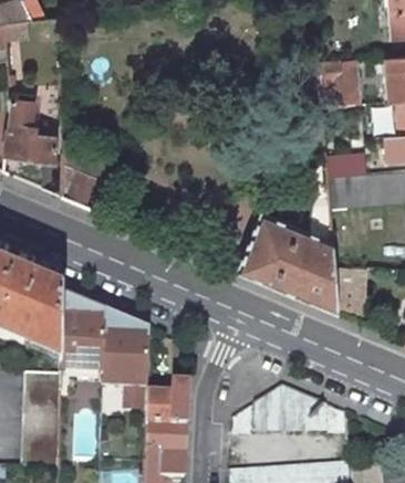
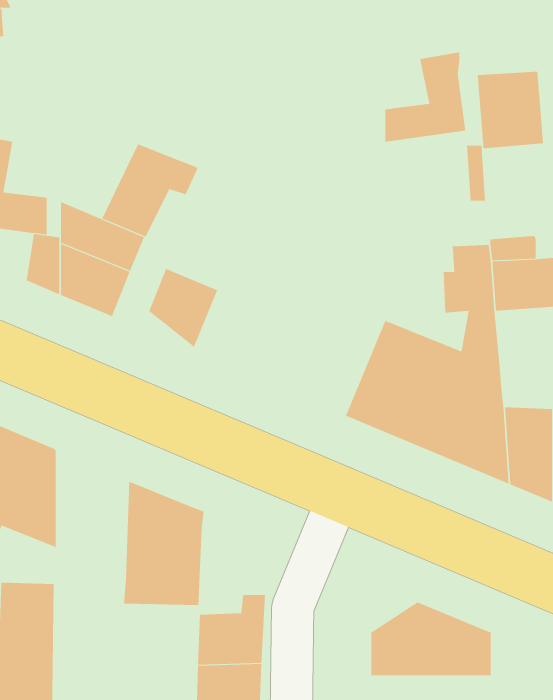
building: none -> [385,51,466,142]
building: none -> [102,143,198,238]
building: none -> [148,268,218,348]
building: [60,291,105,369] -> none

